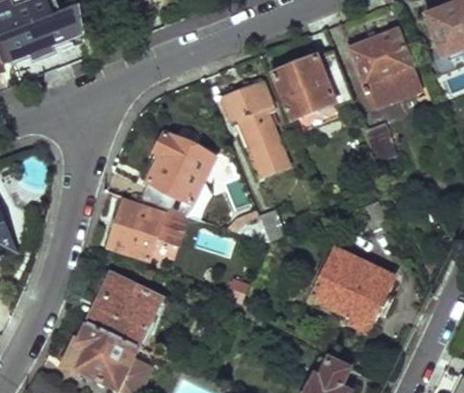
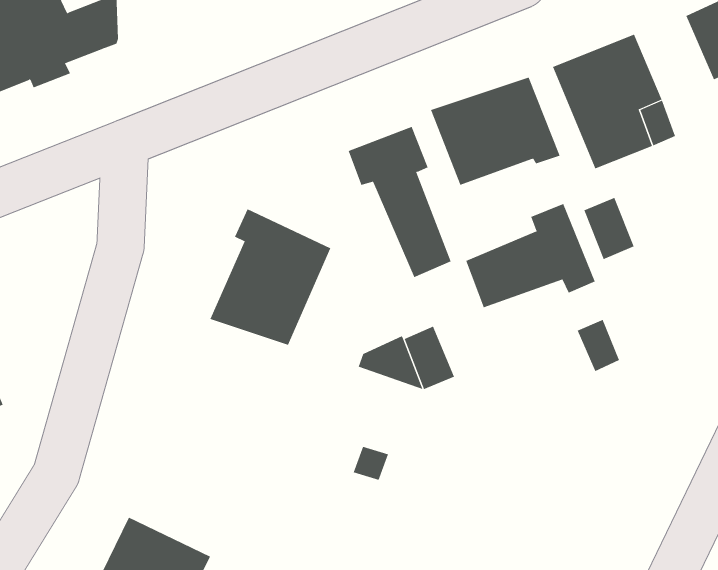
building: none -> [466,203,596,308]
building: [108,197,185,257] -> none
building: [313,249,393,328] -> none
building: [89,273,162,343] -> none

